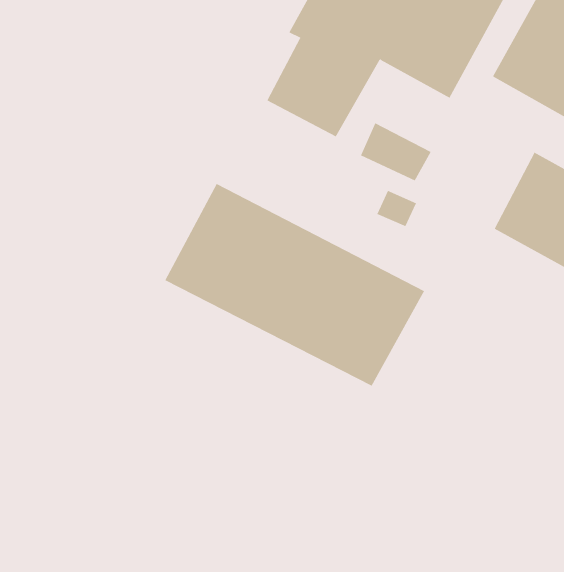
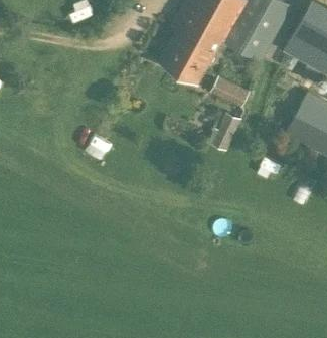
building: [164,183,425,386] -> none

